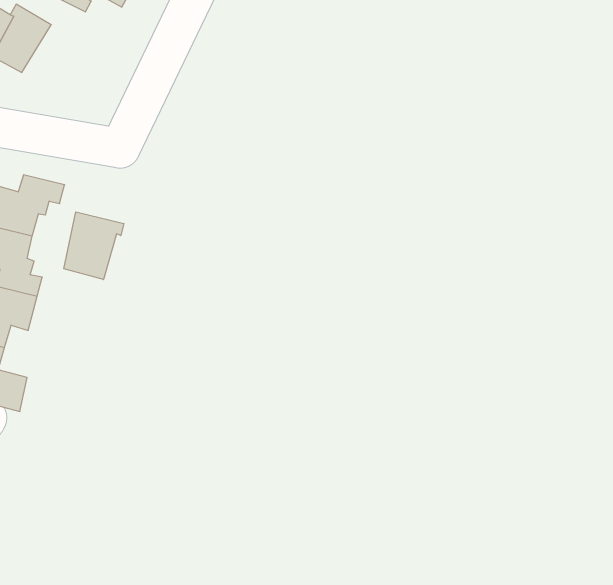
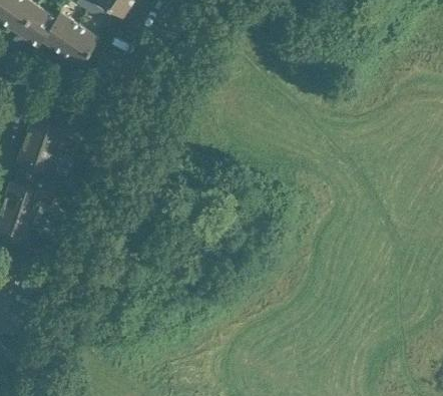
building: none -> [58,26,97,67]
building: [64,212,124,280] -> none

